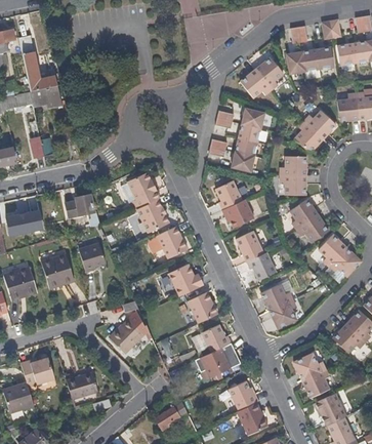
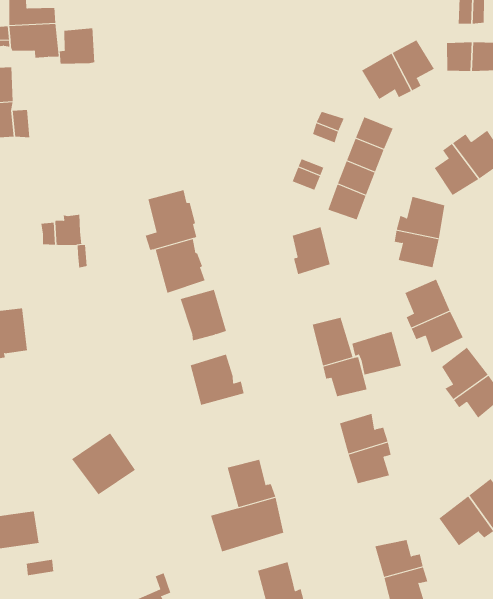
building: none -> [59,28,95,65]
building: [223,198,255,227] -> [352,331,402,375]
building: [79,244,106,272] -> none
building: [189,291,218,322] -> none

